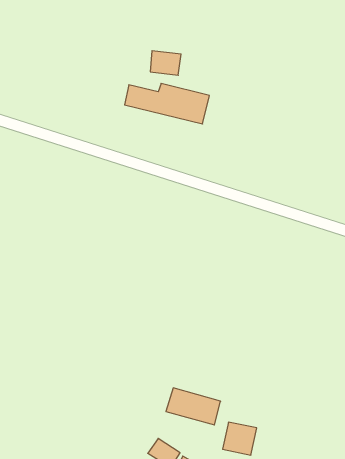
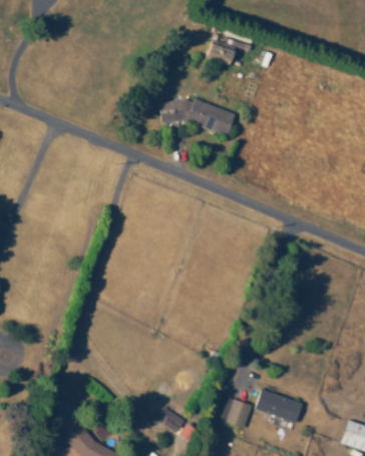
building: [150,51,181,75] -> [207,40,235,63]
building: [166,388,221,425] -> [255,388,303,423]

